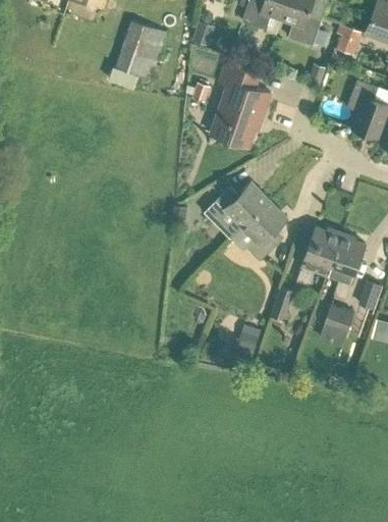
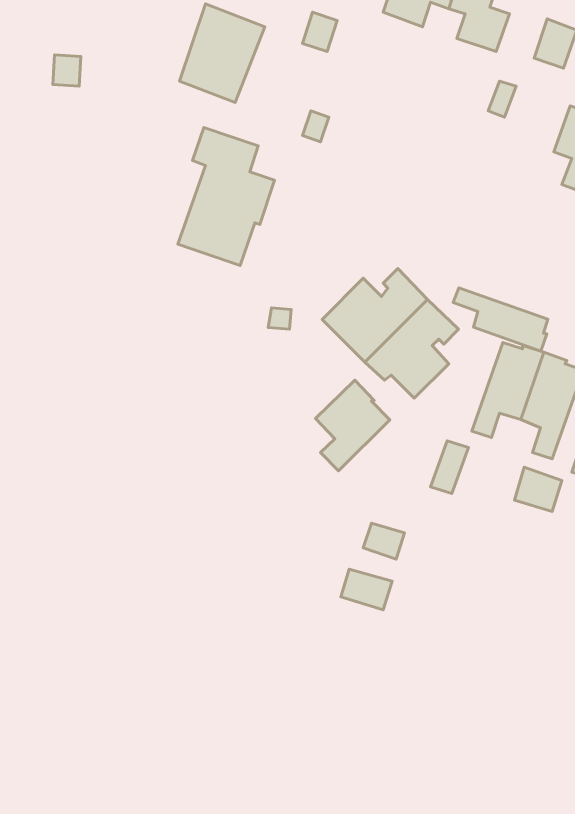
building: [210,61,270,147] -> [178,128,275,266]
building: none -> [453,288,548,351]
building: none -> [316,380,390,471]
building: none -> [341,569,392,610]

